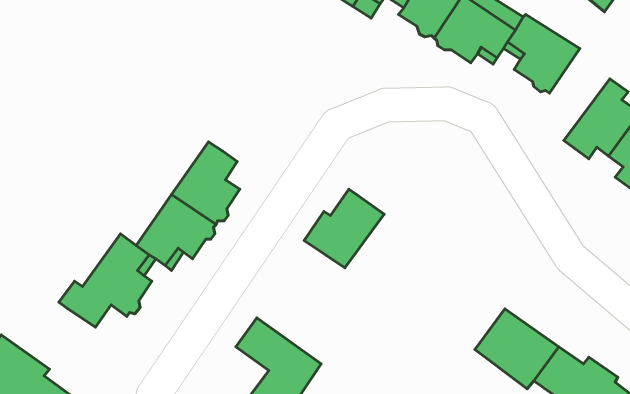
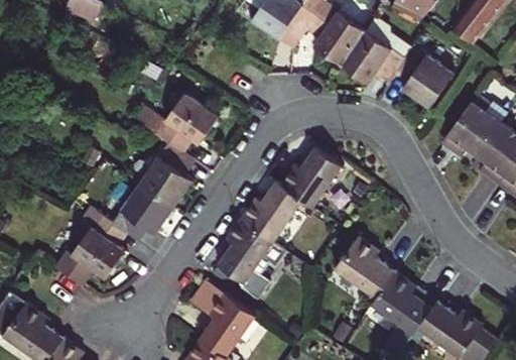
building: none -> [134,95,217,151]
building: none -> [281,147,342,206]
building: none -> [216,220,284,303]
building: none -> [334,236,395,298]

